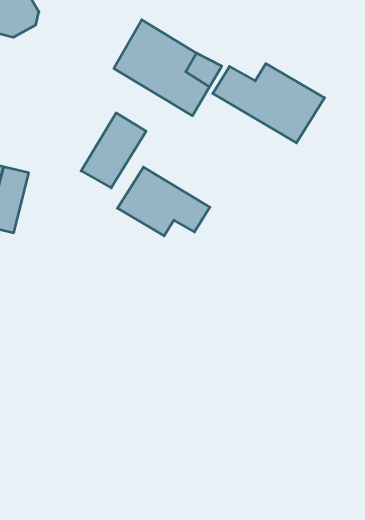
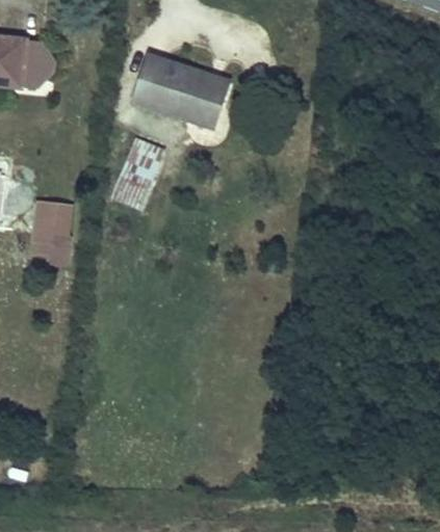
building: [213,64,325,143] -> none
building: [117,167,210,236] -> none

